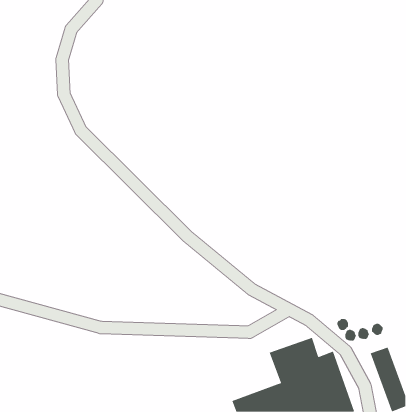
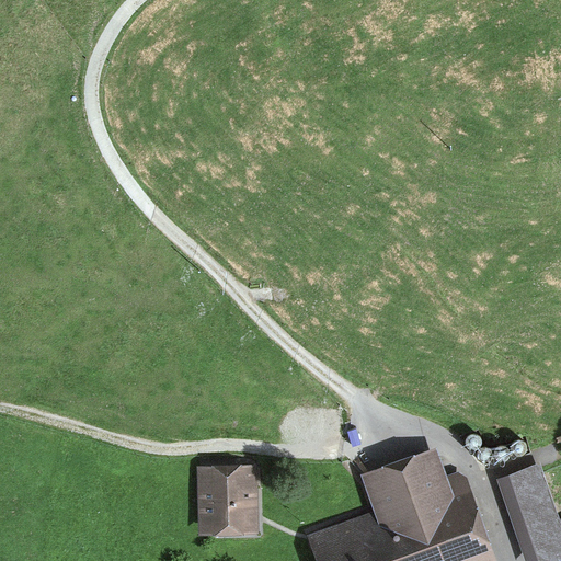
building: none -> [199,474,241,525]

